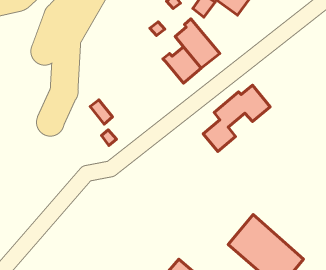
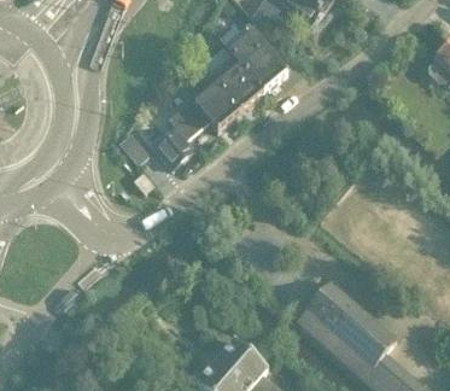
building: [203,85,270,151] -> [152,83,239,169]

